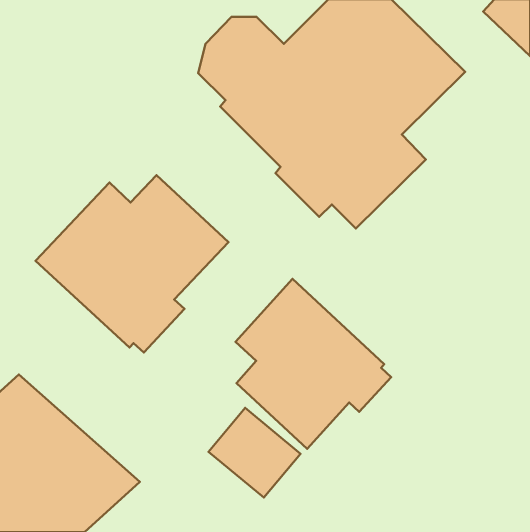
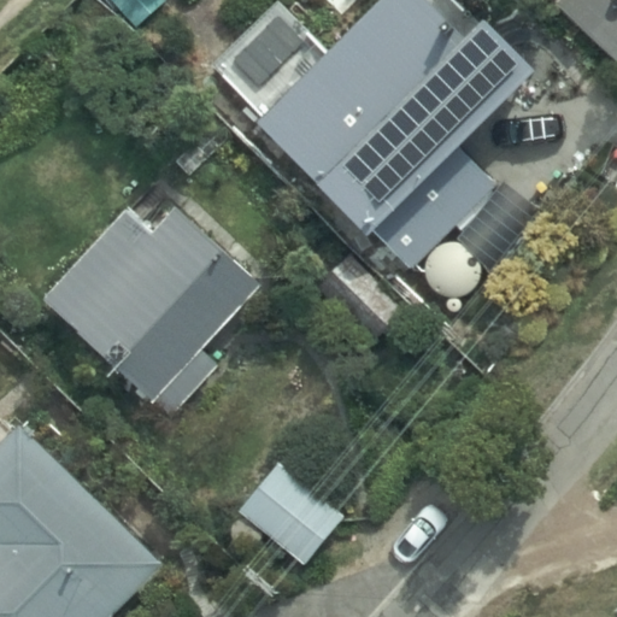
building: [235,279,391,449] -> none

